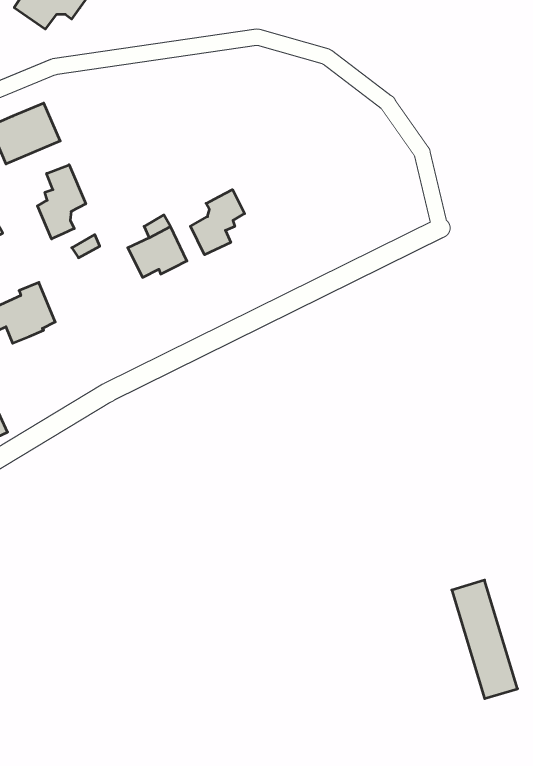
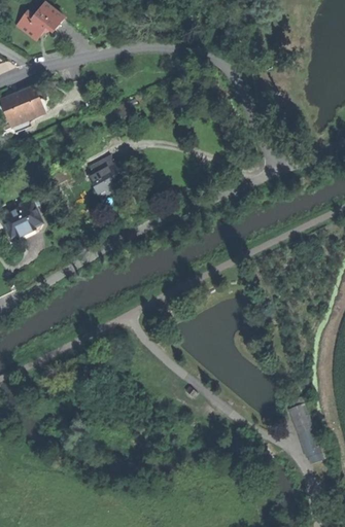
building: [37,165,86,239] -> none
building: [190,190,245,255] -> none

